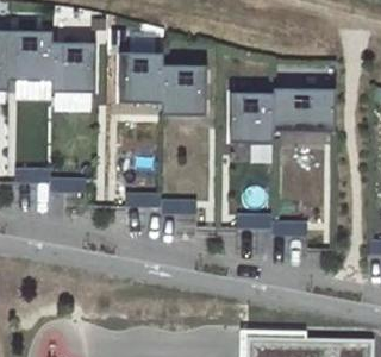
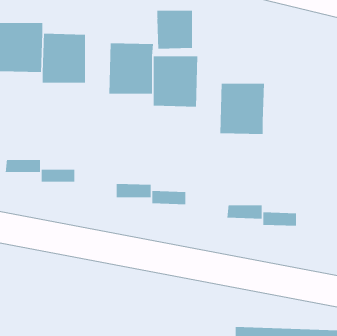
building: none -> [157,10,193,49]
building: [273,89,336,133] -> none

